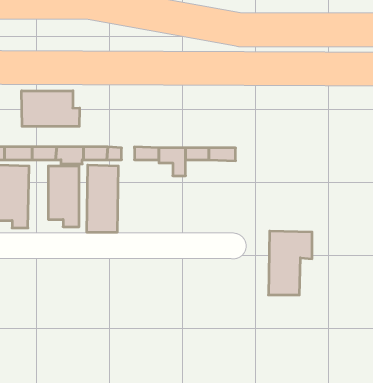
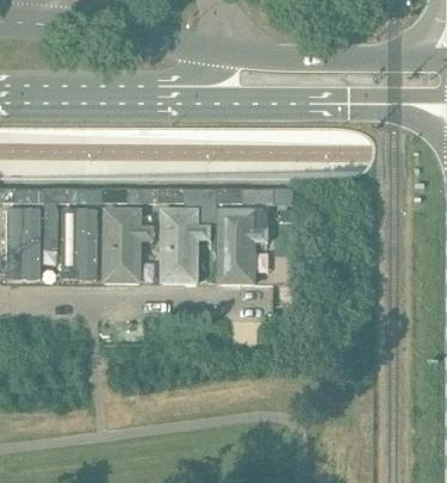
building: [22,91,80,126] -> none
building: none -> [162,209,197,281]
building: [268,231,312,295] -> [219,210,268,281]

